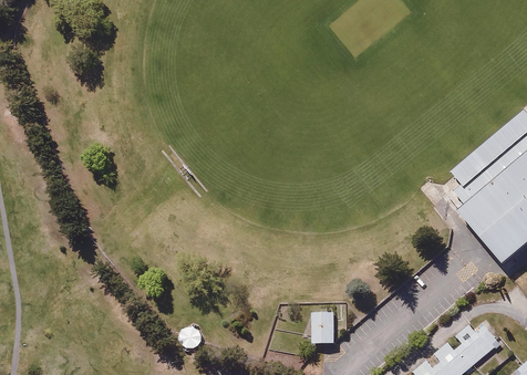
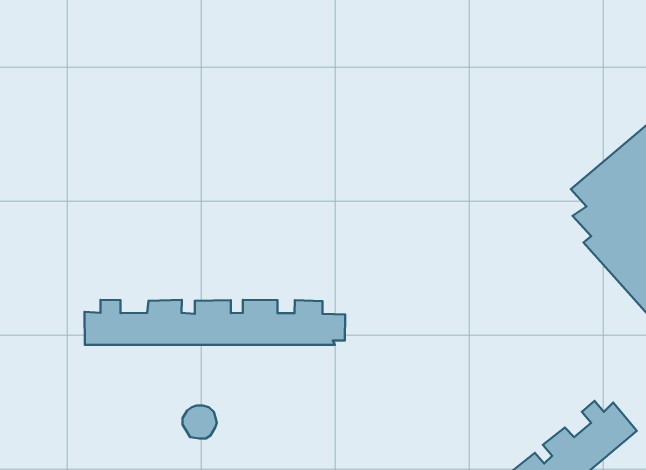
building: none -> [85,300,345,345]
building: [314,312,335,344] -> none

